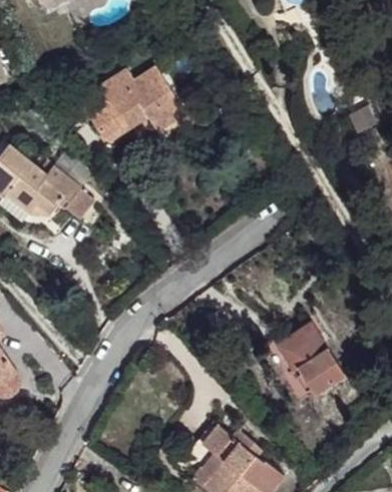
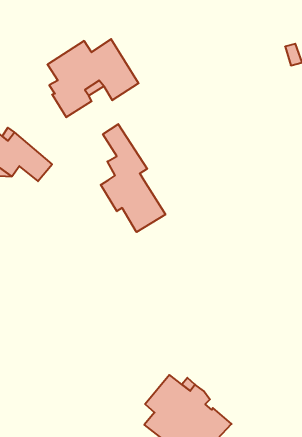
building: none -> [101,124,165,232]
building: [267,321,345,402] -> none

